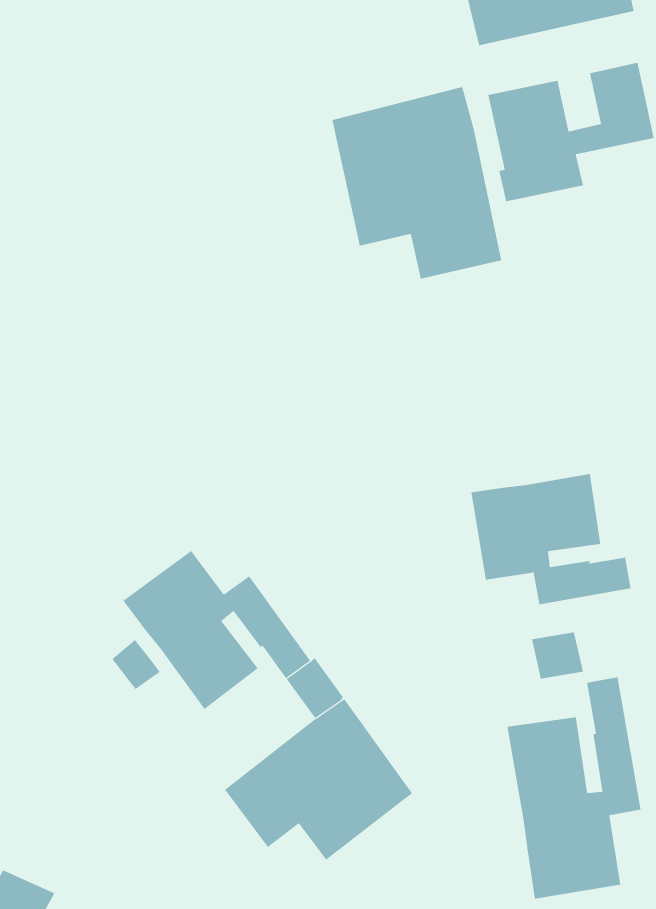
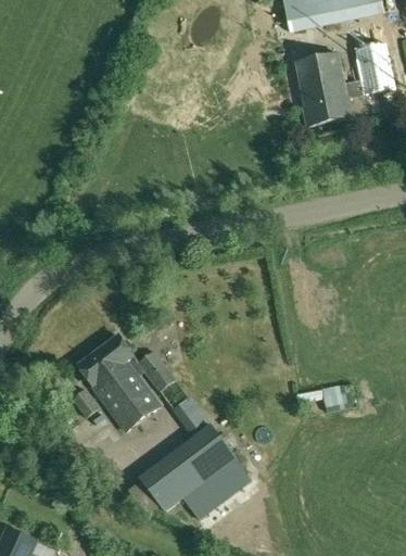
building: [332,86,502,279] -> none
building: [471,473,631,605] -> none
building: [507,676,641,900] -> none

